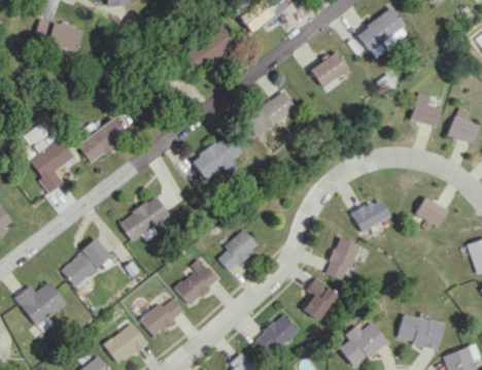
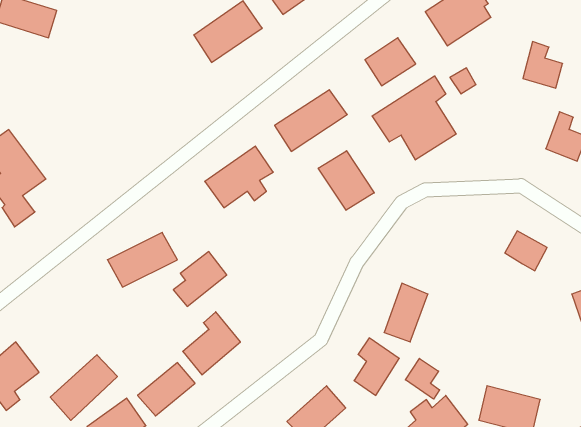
building: none -> [372,76,456,160]
building: [411,92,441,127] -> [523,42,563,88]
building: [77,117,127,163] -> none
building: none -> [318,151,374,210]
building: [352,198,391,232] -> none
building: [218,229,259,270] -> [173,252,227,306]
building: [61,238,111,288] -> [50,355,117,420]
building: none -> [405,358,440,399]

